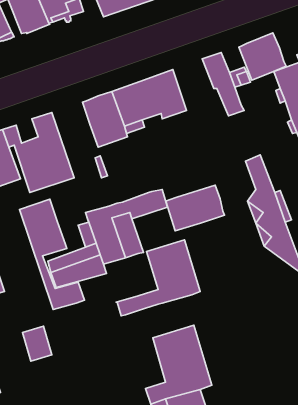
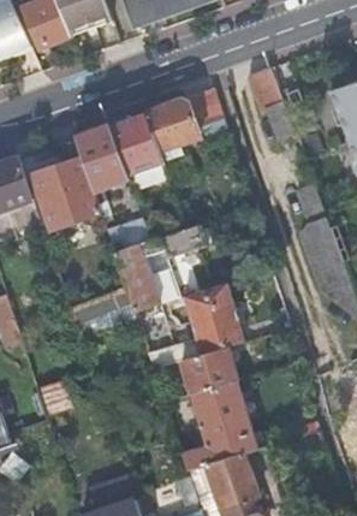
building: [239,33,286,80] -> none
building: [166,185,224,231] -> none
building: [19,199,85,310] -> [75,124,149,250]
building: none -> [180,344,239,393]

